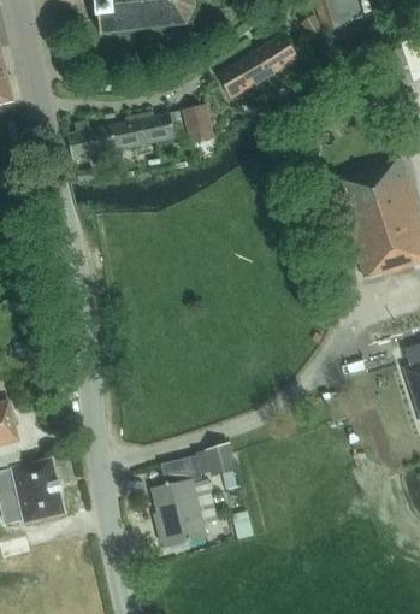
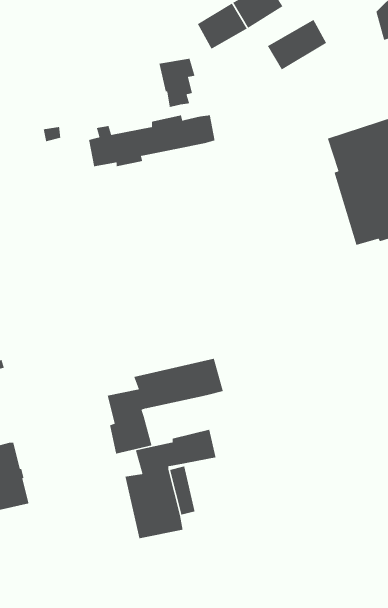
building: none -> [267,19,327,71]
building: [67,111,184,159] -> [88,114,216,167]
building: none -> [107,358,224,454]

